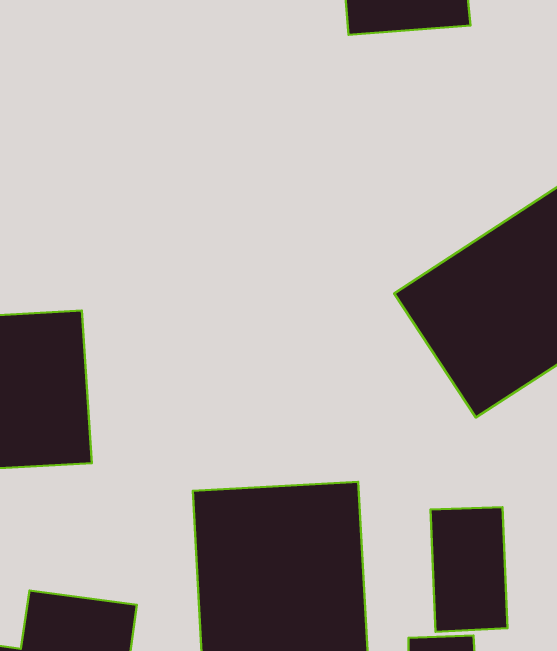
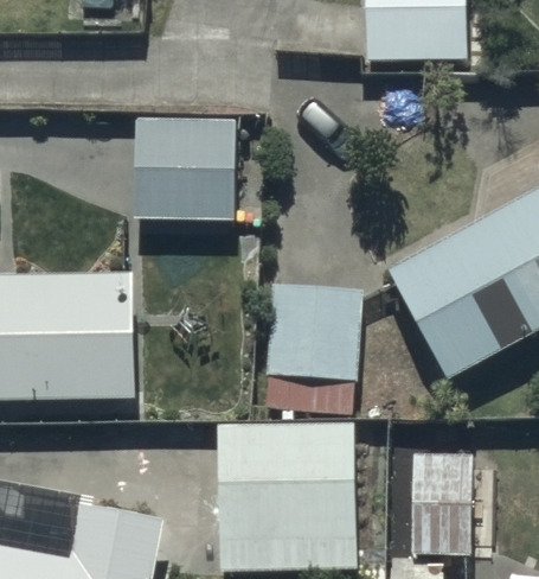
building: none -> [134,119,236,219]
building: none -> [261,282,361,418]

